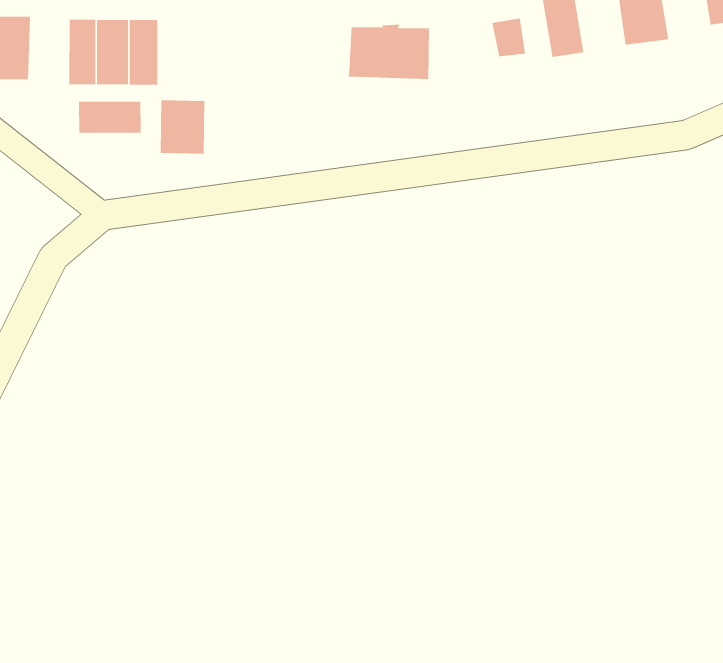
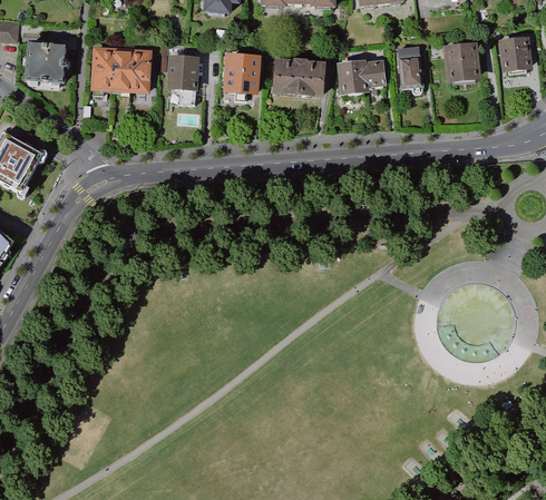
building: none -> [340,60,369,96]
building: none -> [224,55,259,97]
building: [160,100,205,154] -> [166,55,197,91]
building: [79,101,141,134] -> none

